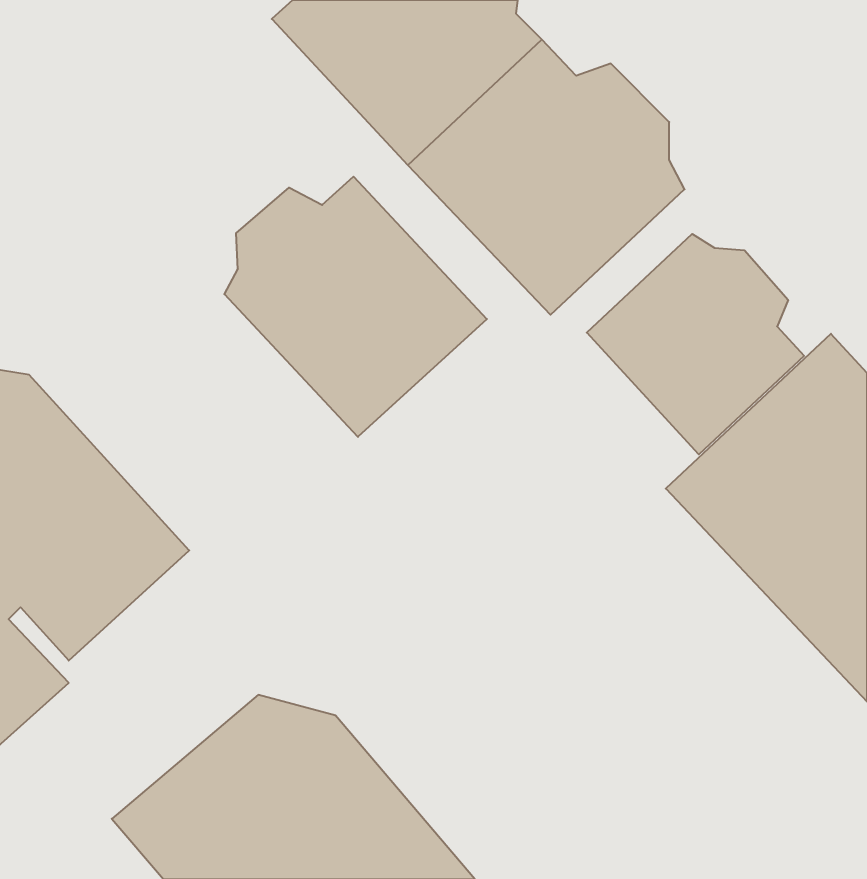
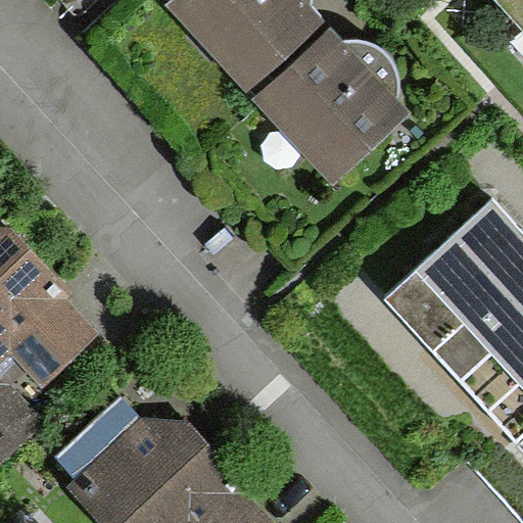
building: [224,177,487,437] -> none
building: [587,234,804,454] -> none

